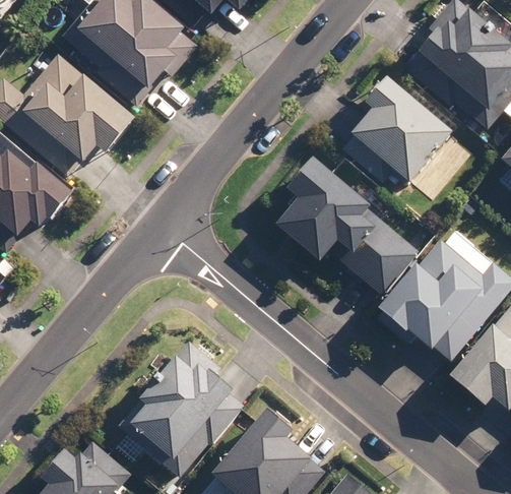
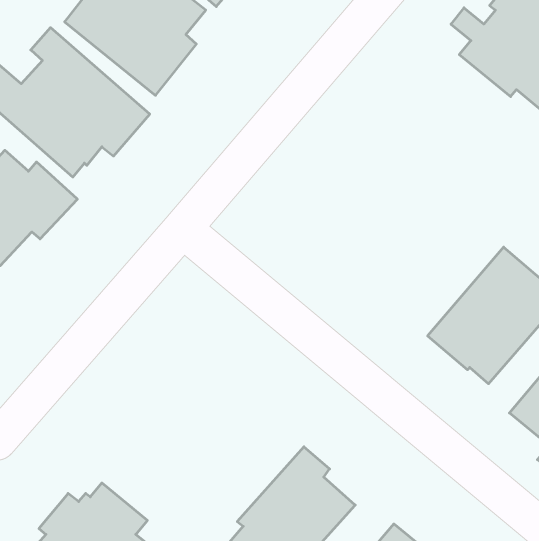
building: [344,68,456,175] -> none
building: [273,158,422,294] -> none
building: [119,342,237,477] -> none

